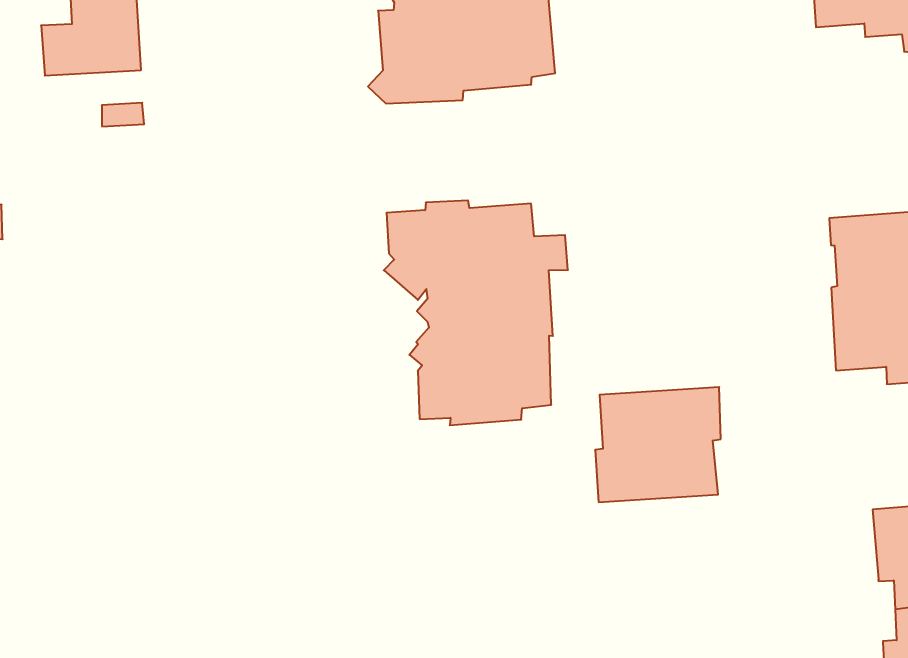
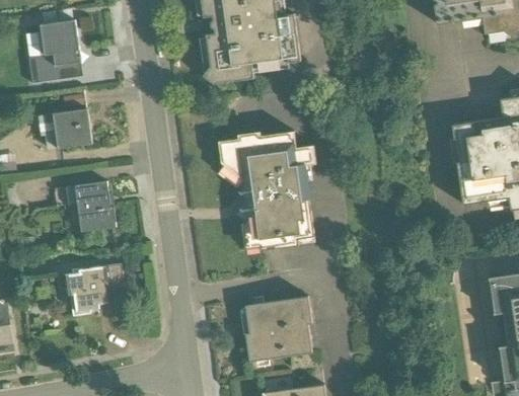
building: none -> [38,108,91,149]
building: none -> [56,181,116,231]
building: [595,387,721,502] -> [245,295,312,361]
building: none -> [66,263,126,311]

